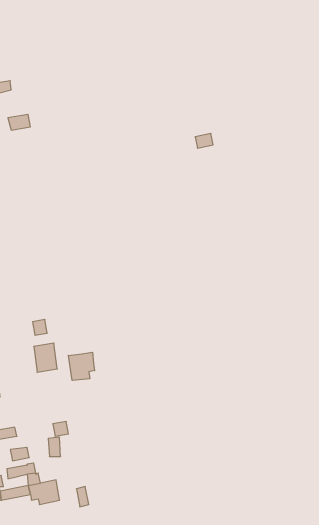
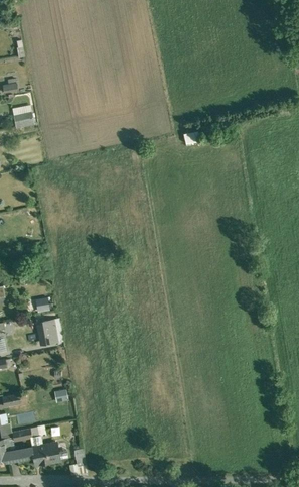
building: [68,352,95,380] -> none

